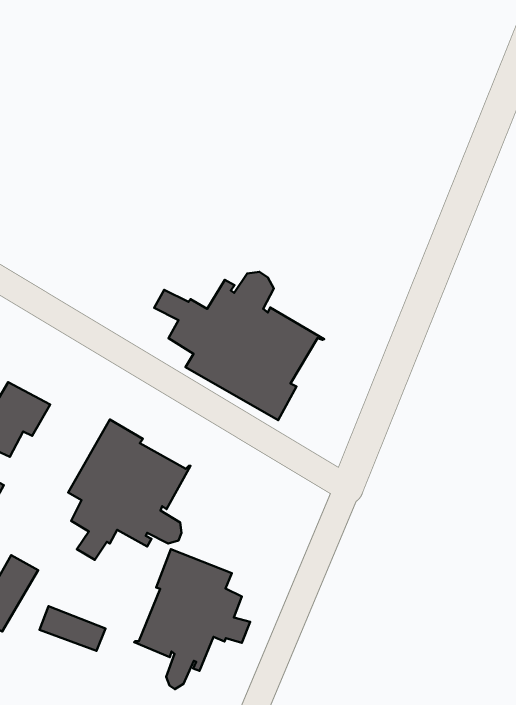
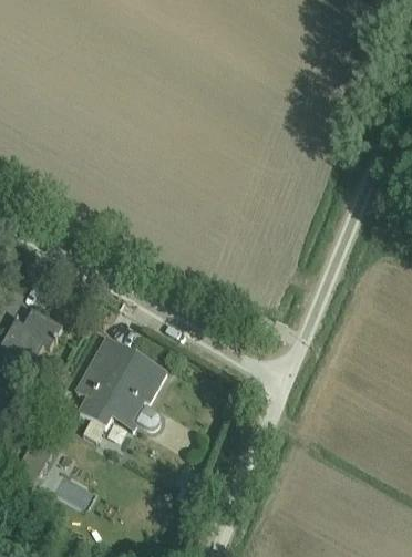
building: [154,272,324,420] -> none
building: [134,549,250,689] -> none

